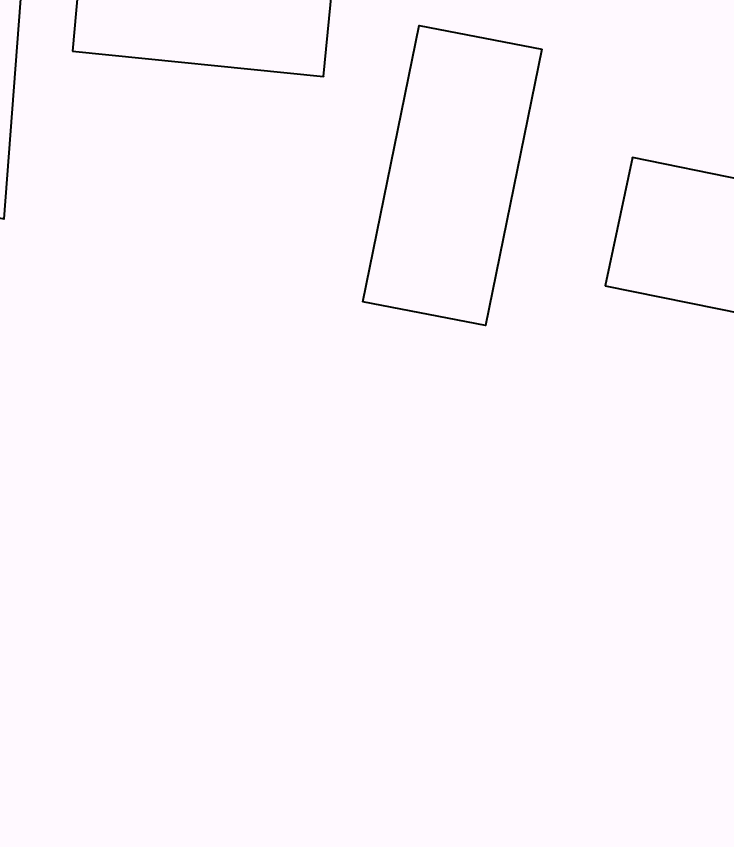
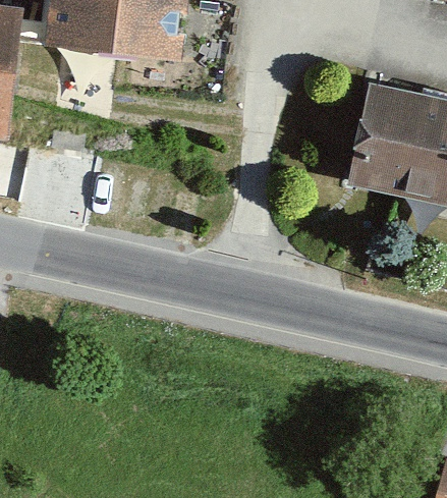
building: [363,26,542,325] -> none

